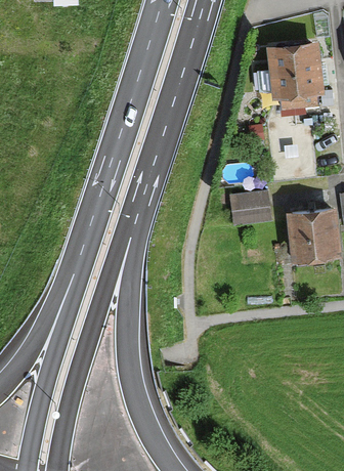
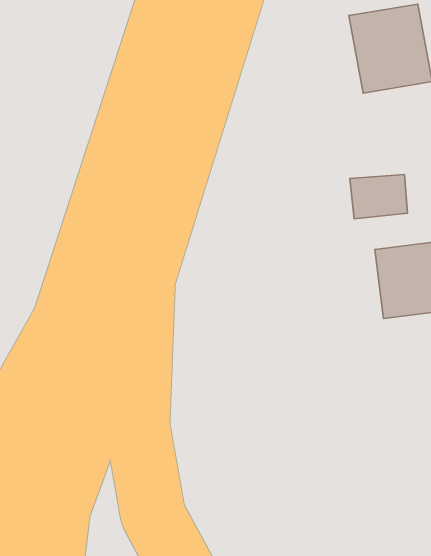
building: [223,192,264,224] -> [350,174,407,219]

